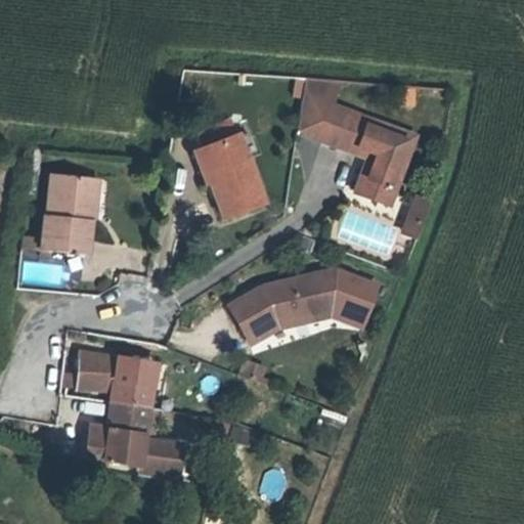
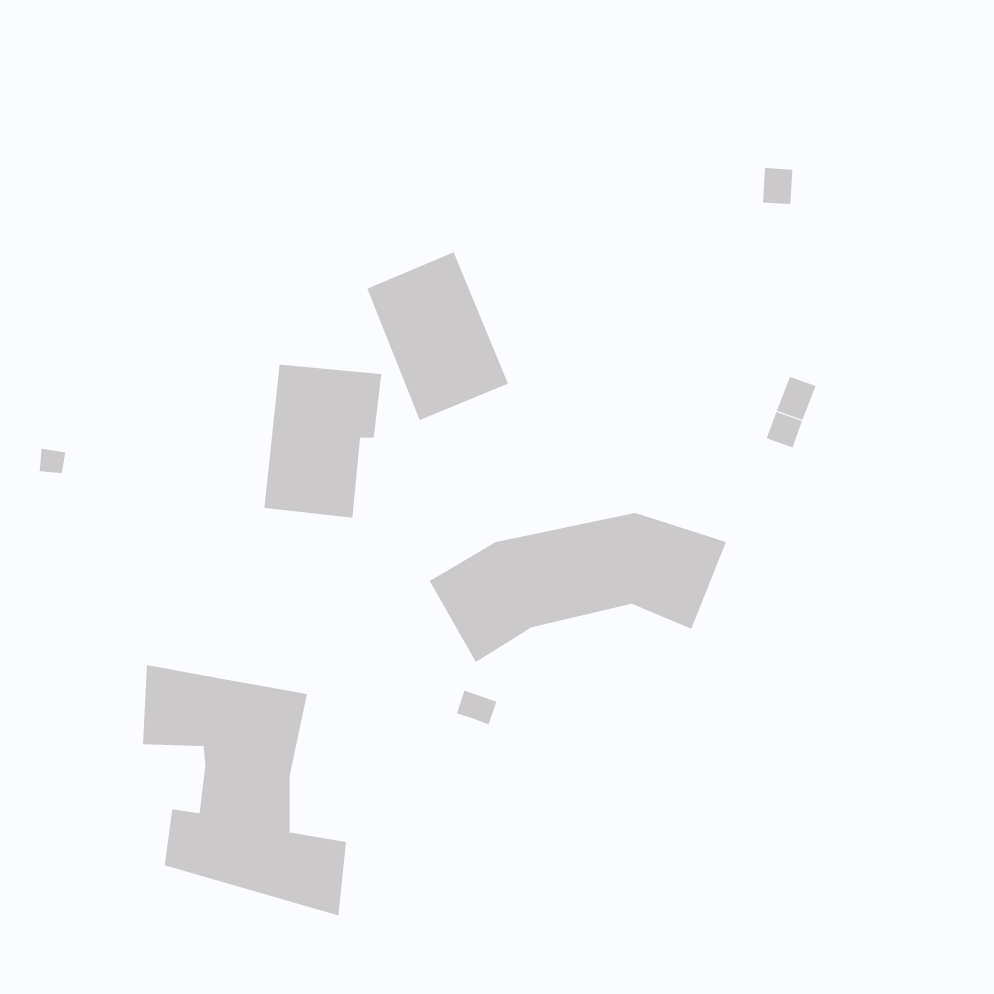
building: [300,80,417,205] -> none
building: [40,173,102,254] -> [263,364,382,518]

